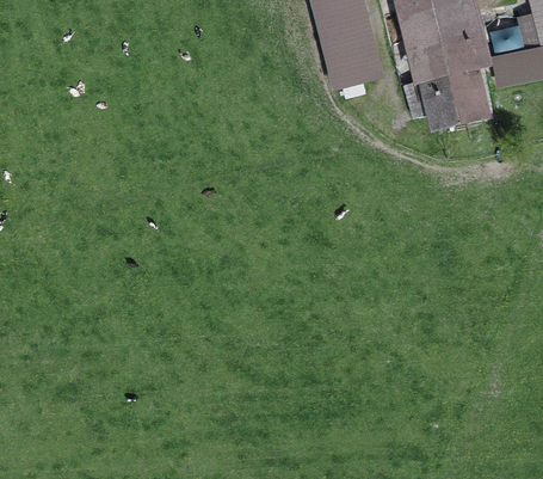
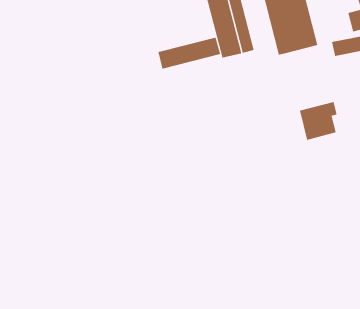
building: none -> [158,37,221,70]
building: [425,69,481,127] -> [299,101,337,140]

